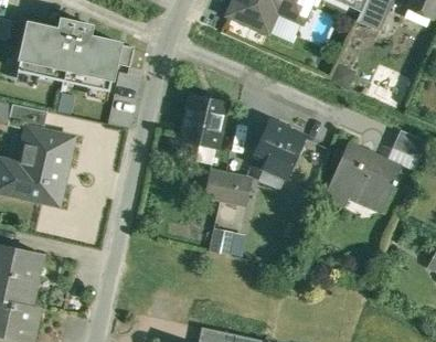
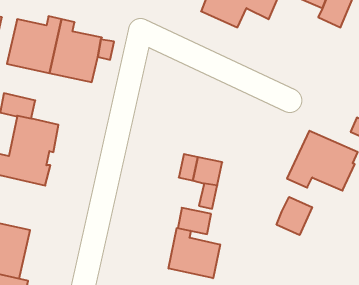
building: [182,95,225,146] -> none
building: [256,121,304,178] -> none
building: none -> [277,197,312,235]
building: none -> [169,228,220,278]

